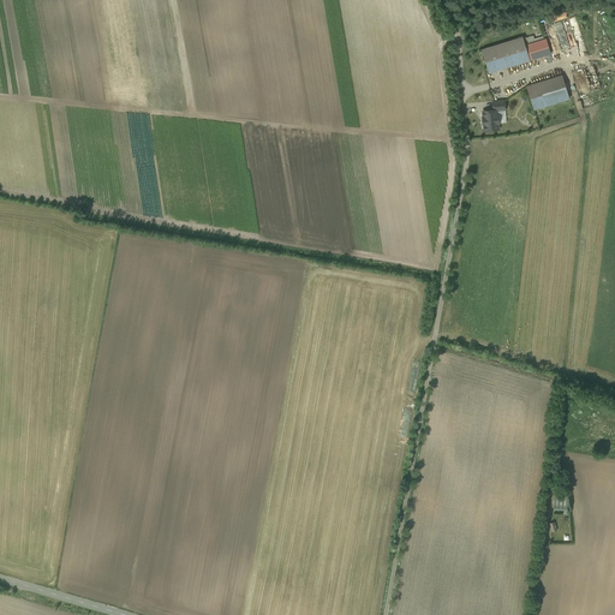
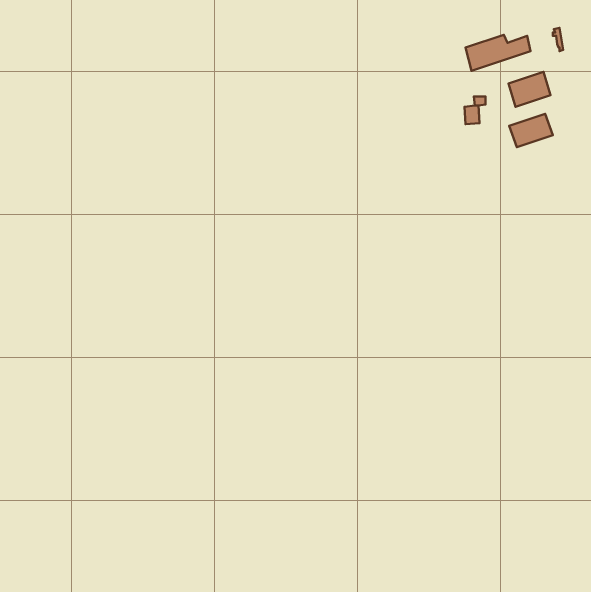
building: none -> [509,114,553,147]

